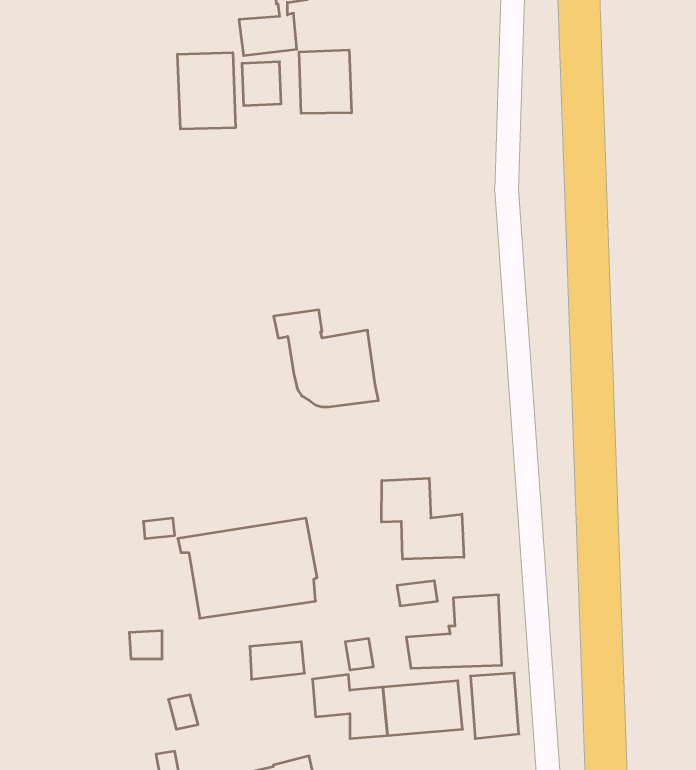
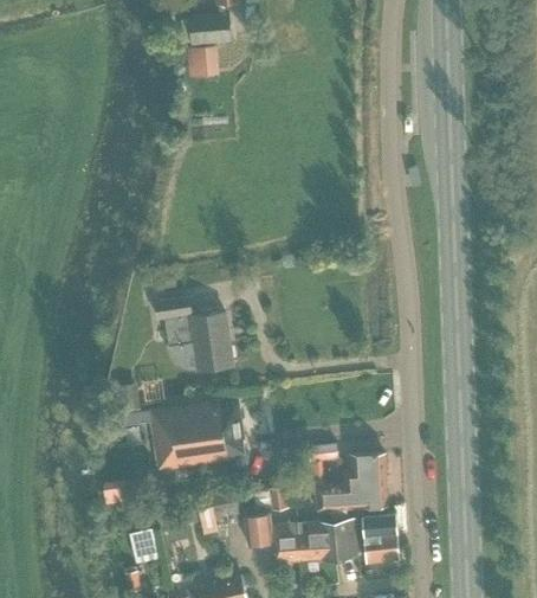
building: [299,50,351,113] -> none
building: [178,53,235,129] -> none
building: [274,310,378,407] -> [153,297,232,371]
building: [382,478,464,559] -> none

